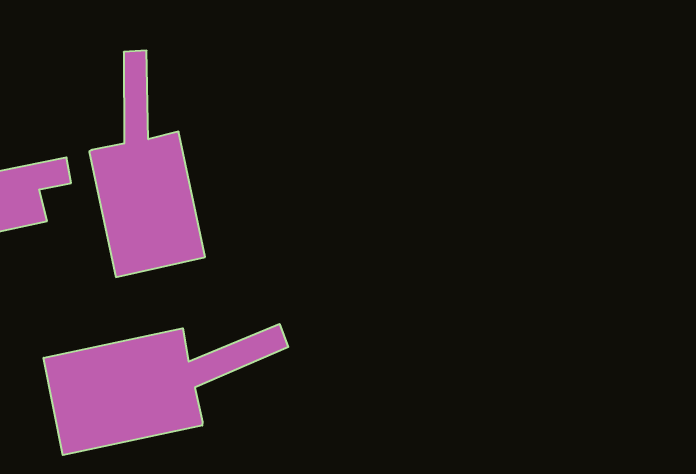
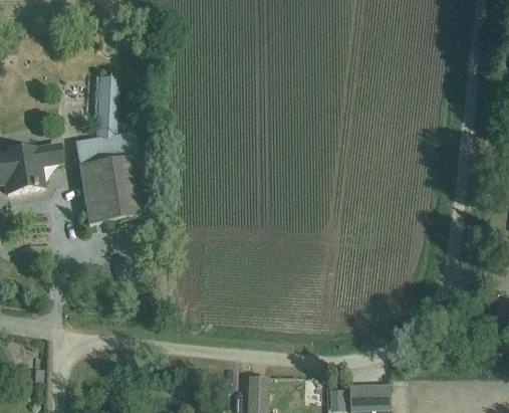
building: [44,324,288,455] -> none

